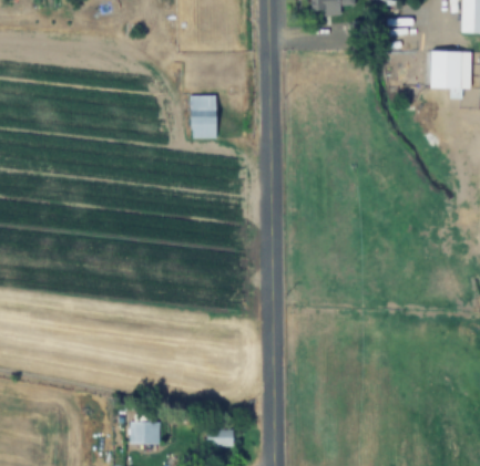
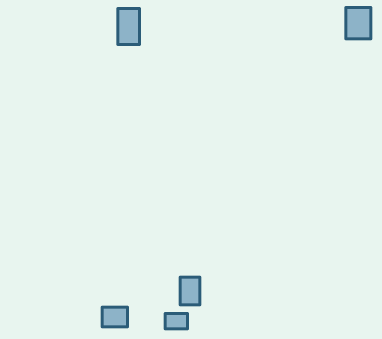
building: [190,94,216,138] -> [118,8,140,44]
building: none -> [180,277,200,305]

